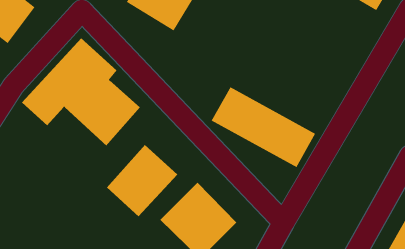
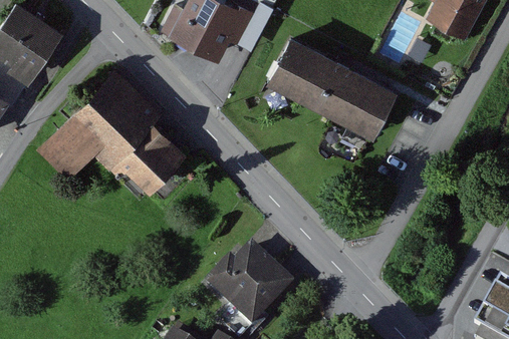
building: [211,86,316,168] -> [268,38,394,135]
building: [106,144,178,217] -> none

